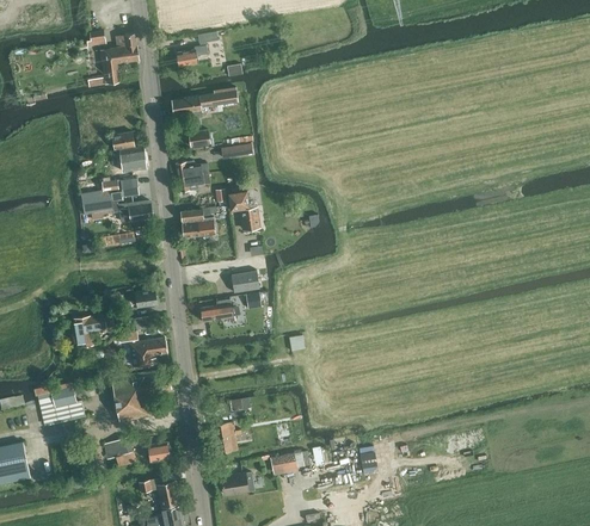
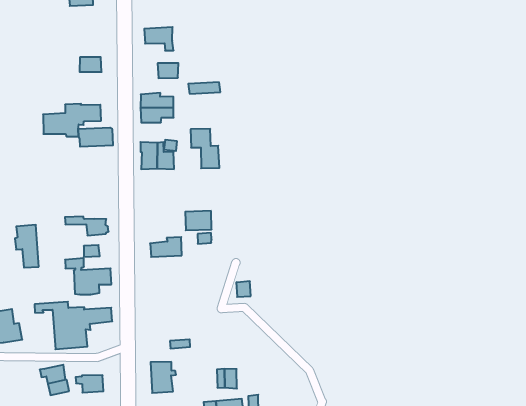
building: [198,85,238,109] -> none
building: [118,147,146,172] -> none

